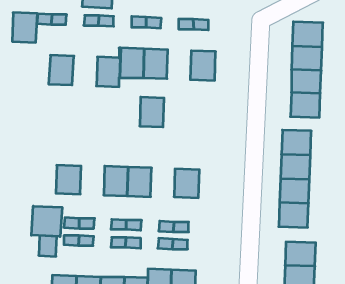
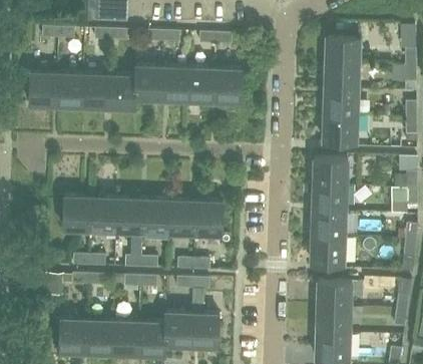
building: [12,13,38,42] -> [29,73,57,106]
building: none -> [81,75,109,108]
building: [140,97,164,127] -> [186,68,214,101]
building: none -> [90,198,117,230]
building: none -> [168,200,195,232]
building: [31,206,62,237] -> none

